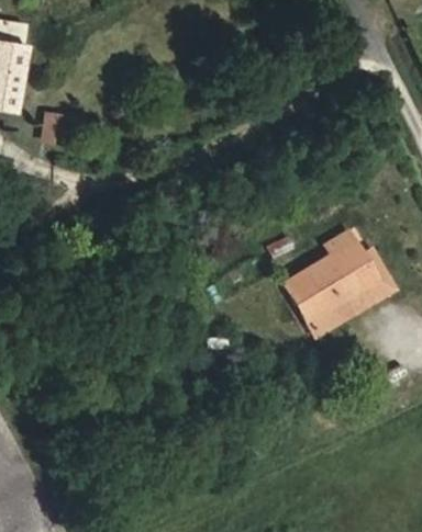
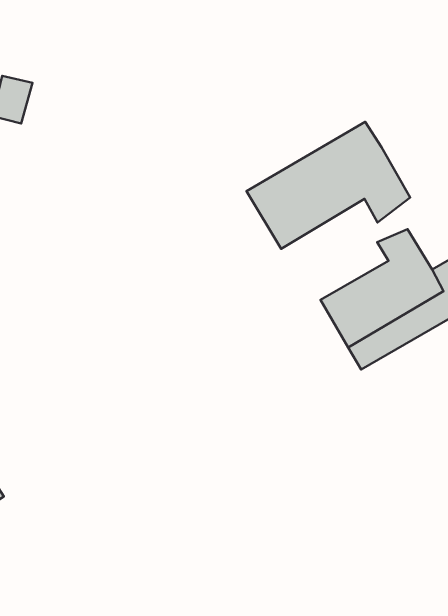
building: none -> [247,122,410,249]

